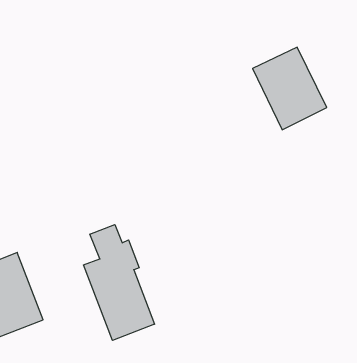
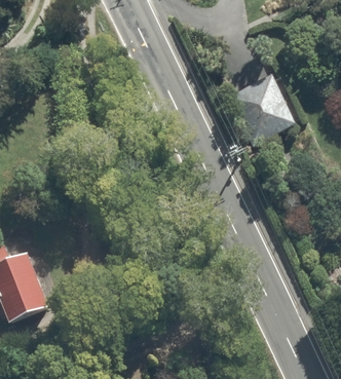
building: [84,225,155,340] -> none

